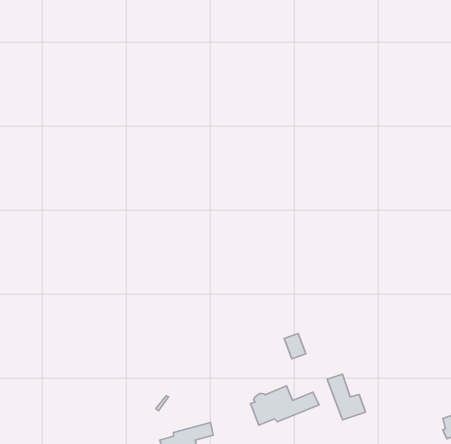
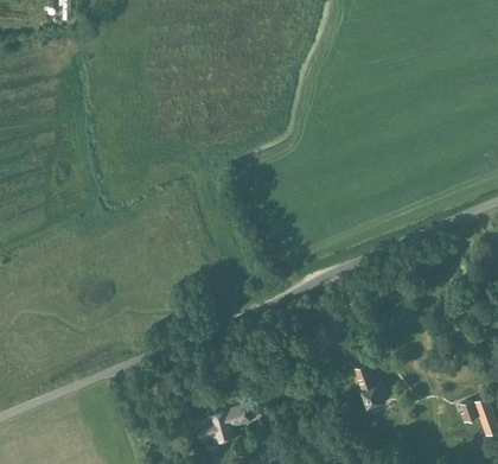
building: [251,386,319,425] -> none

